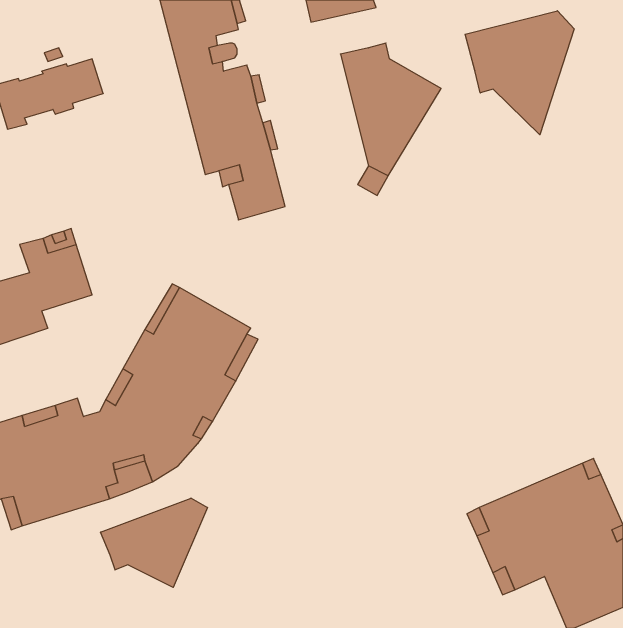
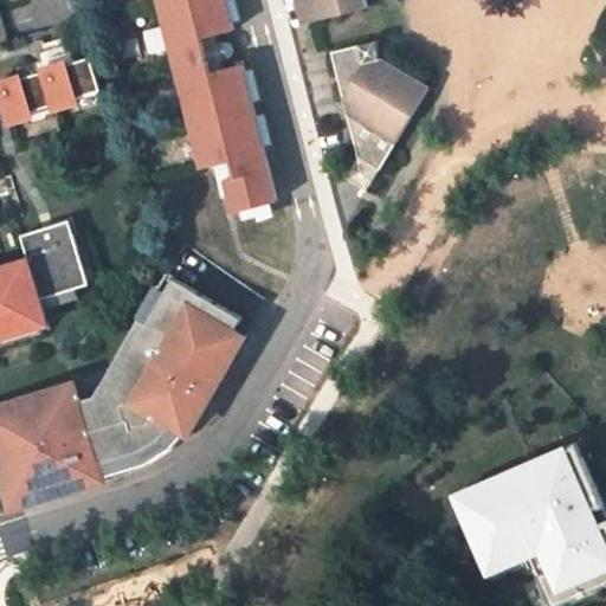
building: [465,11,574,135] -> none
building: [101,498,207,587] -> none

